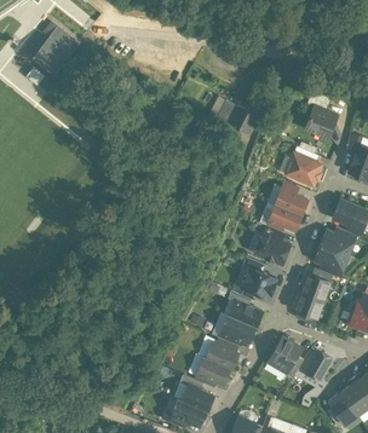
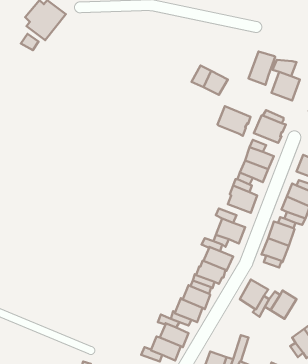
building: none -> [249,52,275,85]
building: none -> [218,106,251,136]

